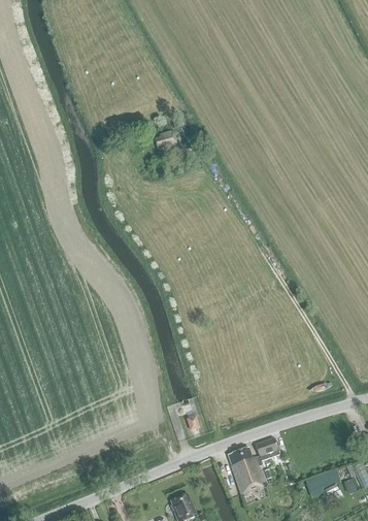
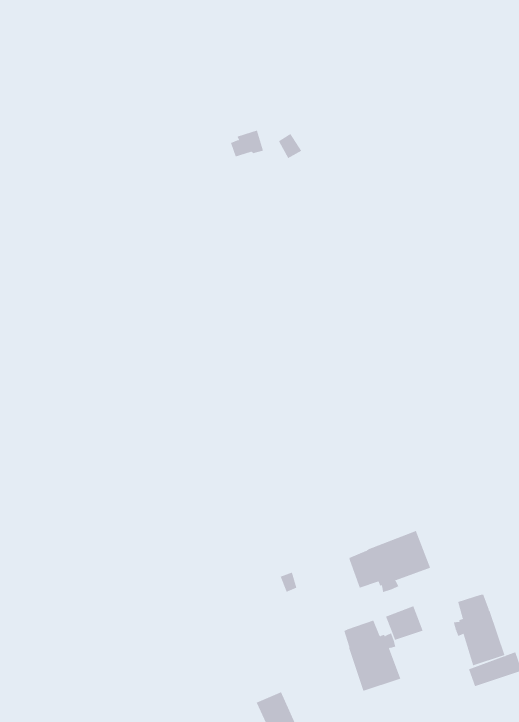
building: none -> [349,530,431,593]
building: none -> [453,594,505,666]

